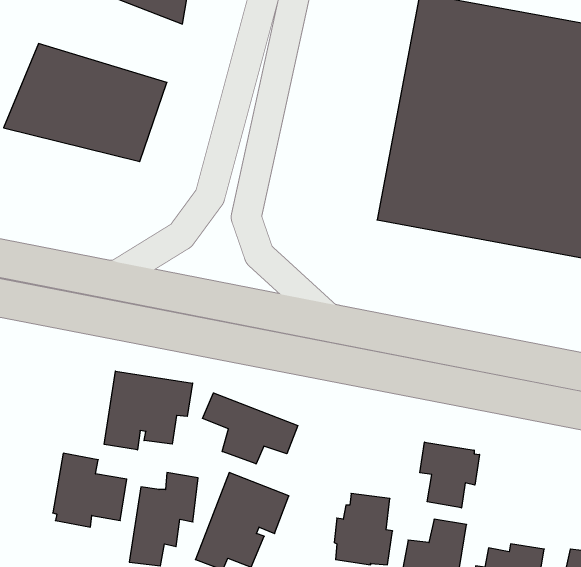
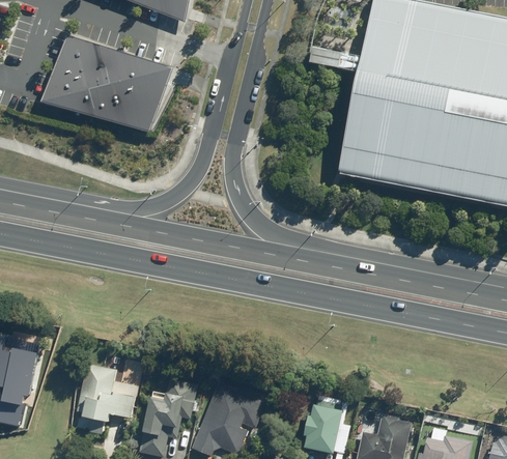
building: [104,371,193,450] -> none
building: [203,393,298,464] -> none
building: [420,442,479,508] -> none

